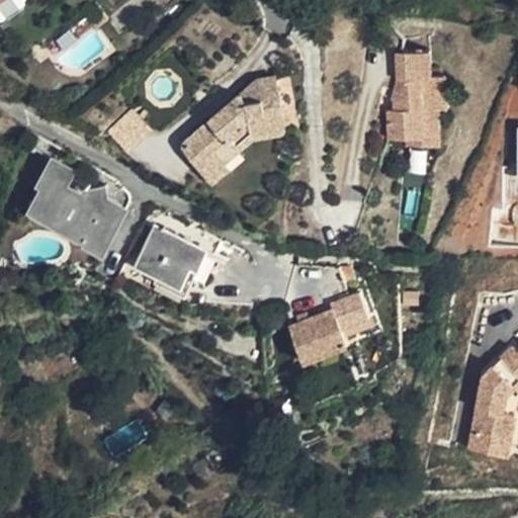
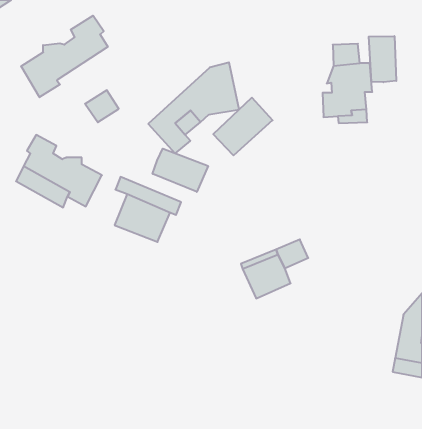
building: none -> [21,16,108,97]
building: none -> [369,36,396,82]
building: none -> [213,98,273,155]
building: none -> [153,149,208,192]

